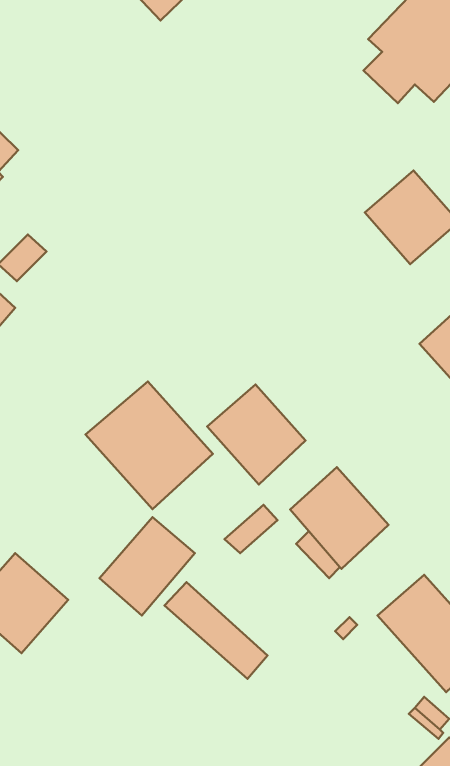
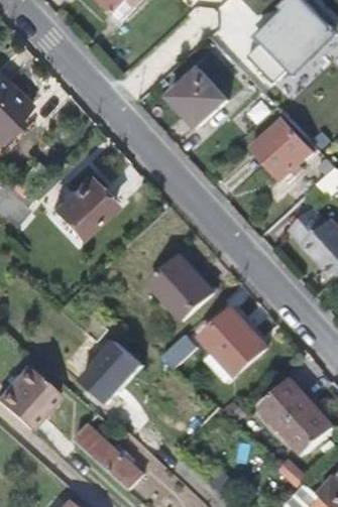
building: none -> [174,68,229,125]
building: none -> [54,175,111,234]
building: [86,381,213,509] -> none
building: [165,582,268,679] -> [77,426,143,489]

